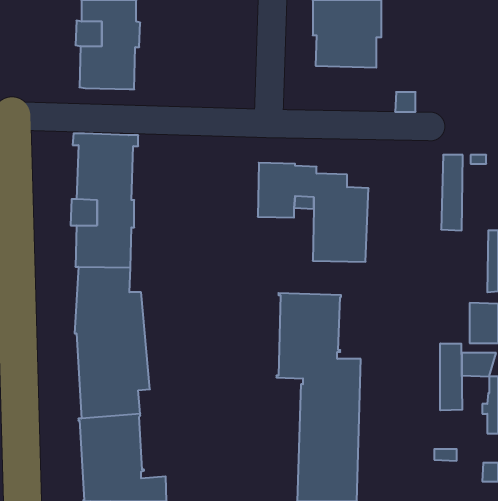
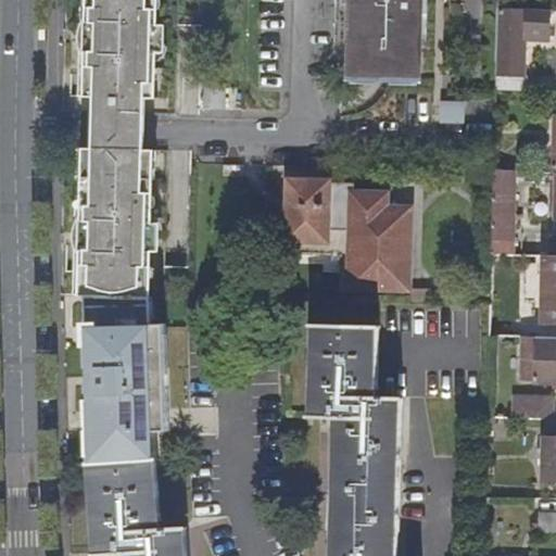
building: none -> [493,9,546,91]
building: none -> [93,98,143,150]
building: [440,343,462,410] -> none

